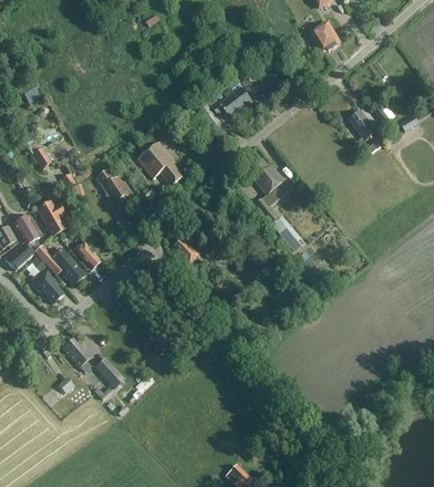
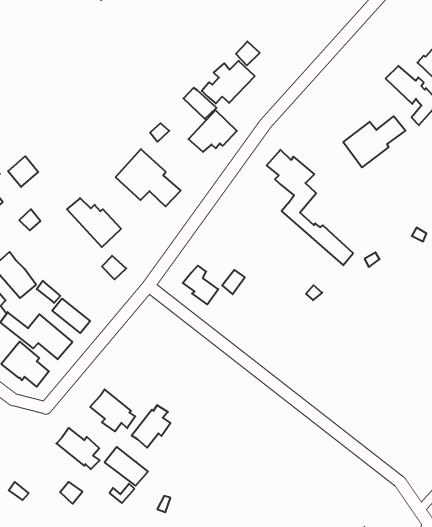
building: none -> [188,110,237,152]
building: none -> [343,116,405,167]
building: none -> [90,389,135,431]
building: none -> [132,405,170,448]

